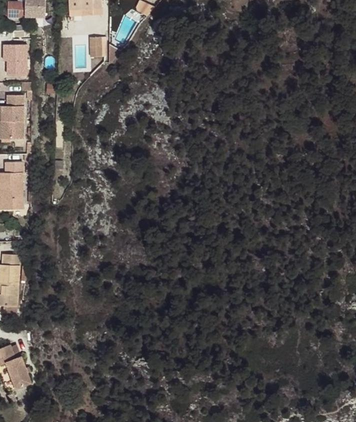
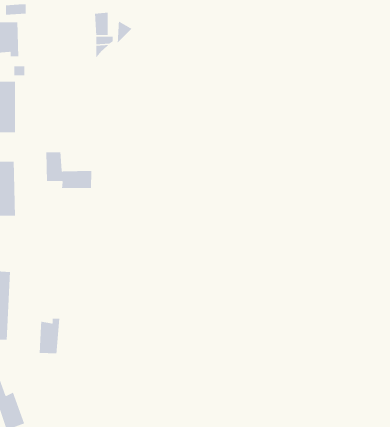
building: none -> [45,152,92,189]
building: none -> [39,318,60,354]

